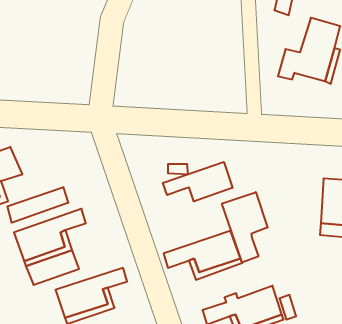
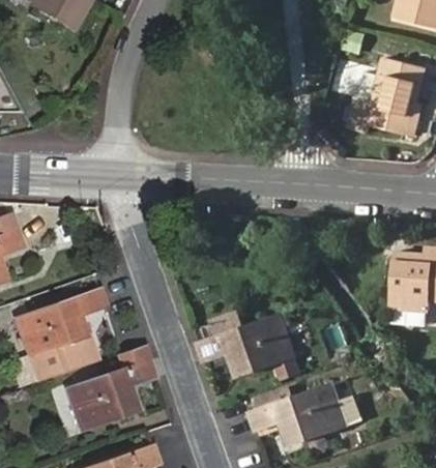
building: [163,162,232,201] -> none
building: [7,187,68,223] -> none
building: [222,192,268,263] -> none

